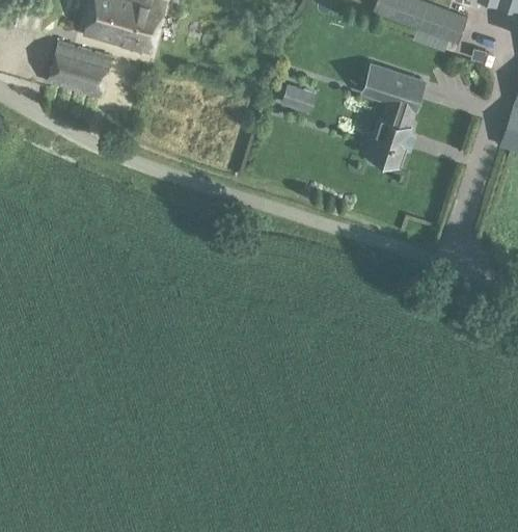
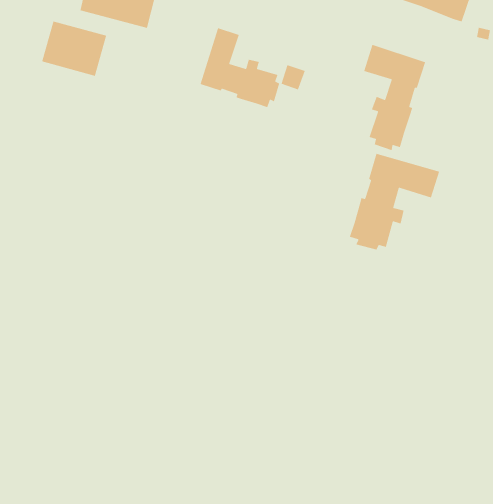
building: none -> [200,27,280,108]
building: none -> [349,153,440,251]

